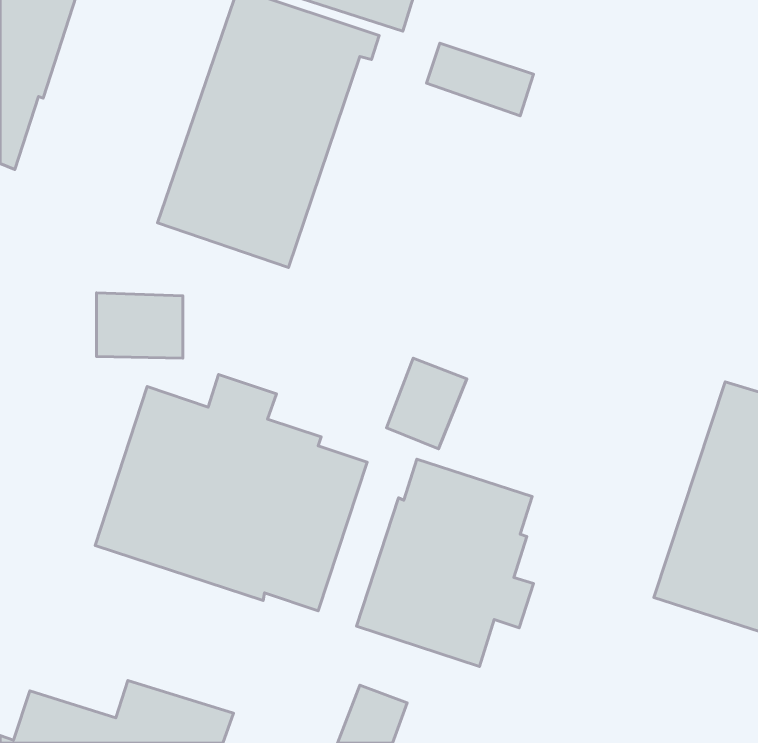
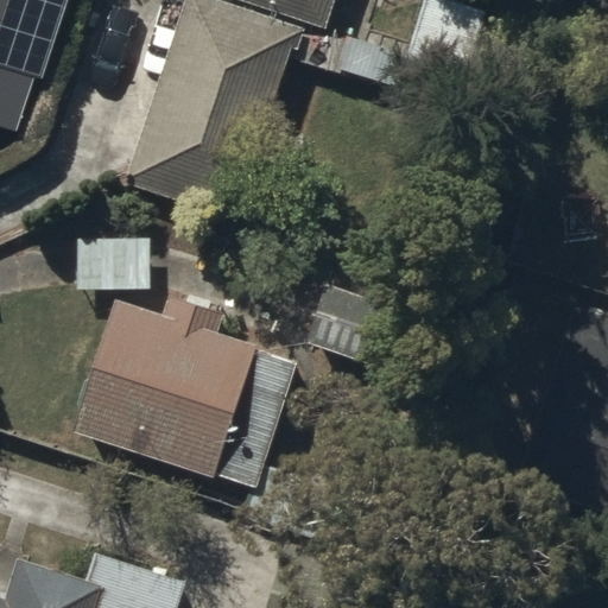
building: [356,459,534,666] -> none

